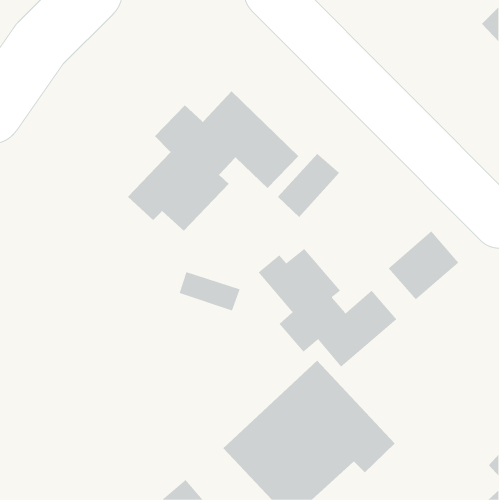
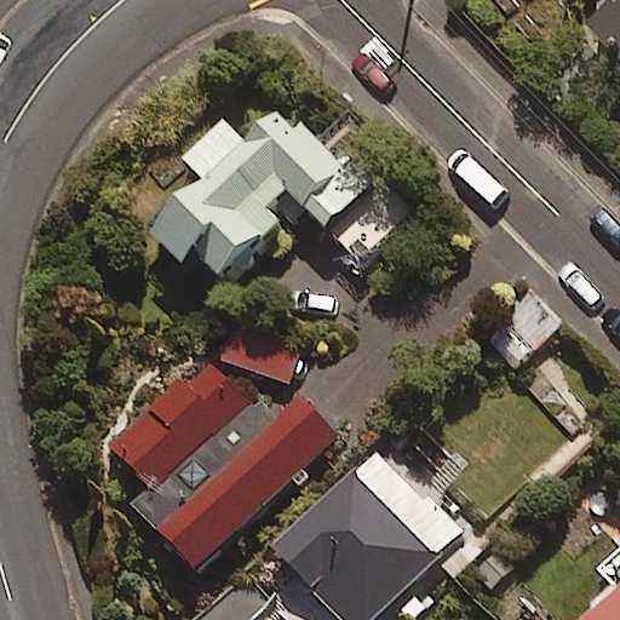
building: [258,248,397,368] -> none
building: none -> [107,351,333,570]

